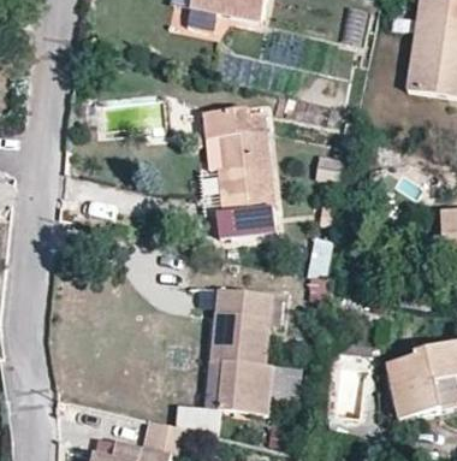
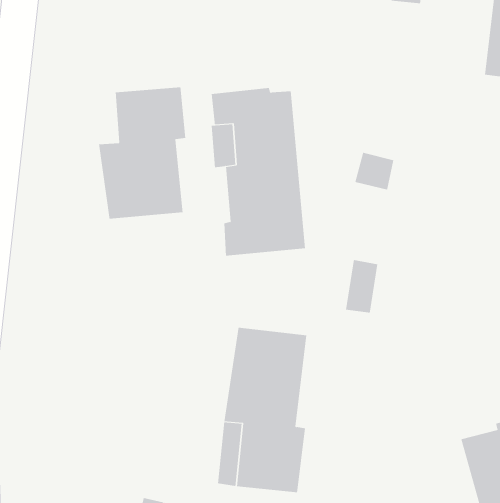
building: none -> [99,87,186,220]

